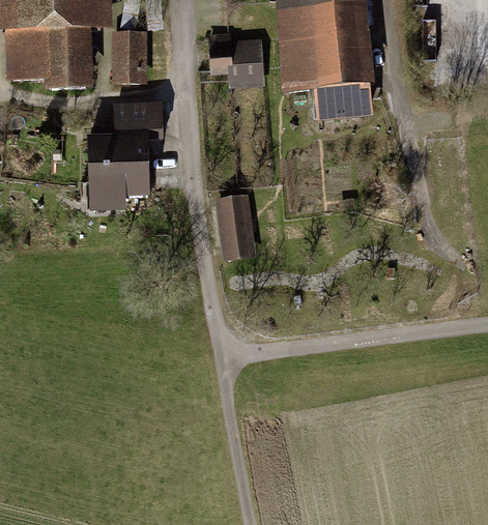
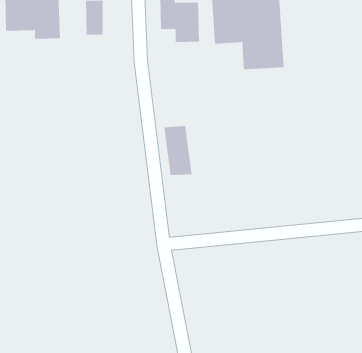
building: [89,101,162,197] -> none

